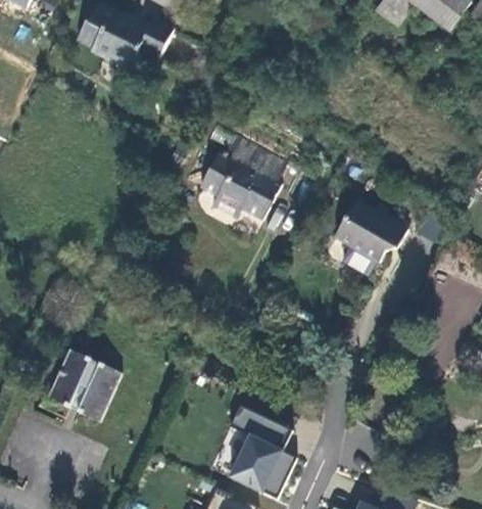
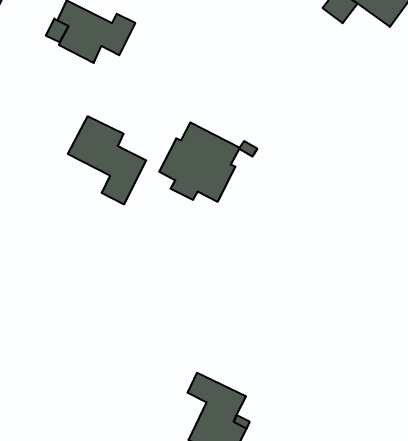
building: none -> [68,116,146,204]
building: [328,200,407,271] -> none
building: [46,349,122,422] -> none

